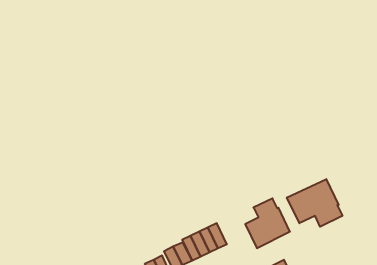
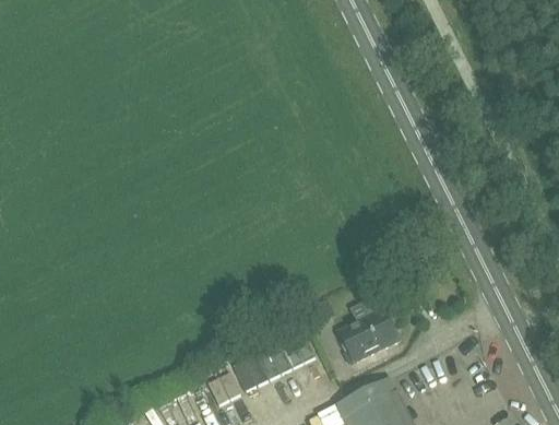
building: [287,179,342,227] -> none

